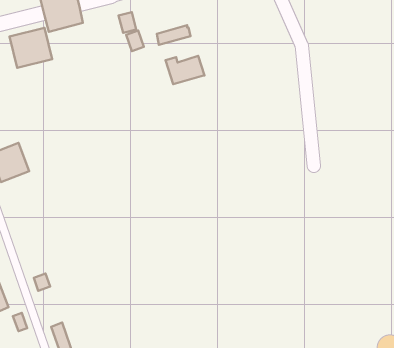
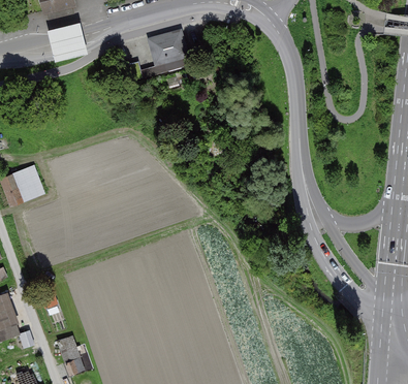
building: [9,28,52,68] -> none
building: [165,56,205,84] -> [150,37,187,64]

